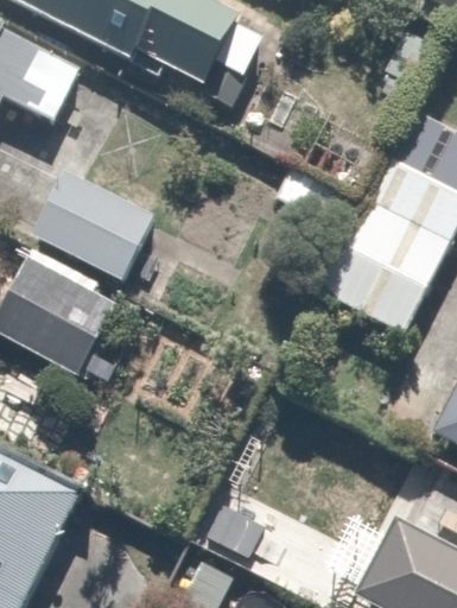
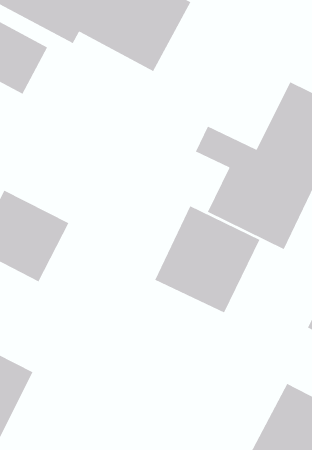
building: [34,160,161,280] -> none
building: none -> [154,205,261,313]

